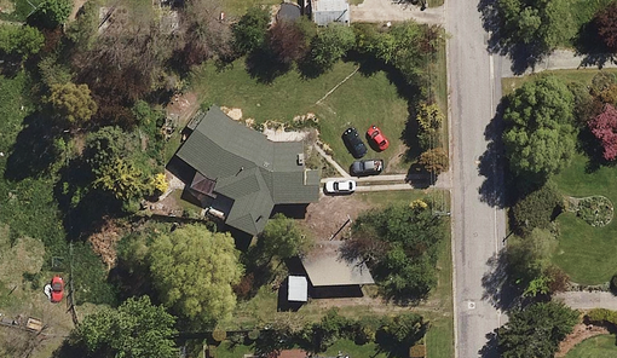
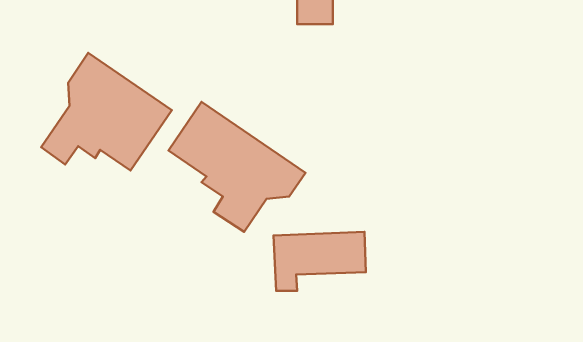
building: none -> [41,53,172,171]

